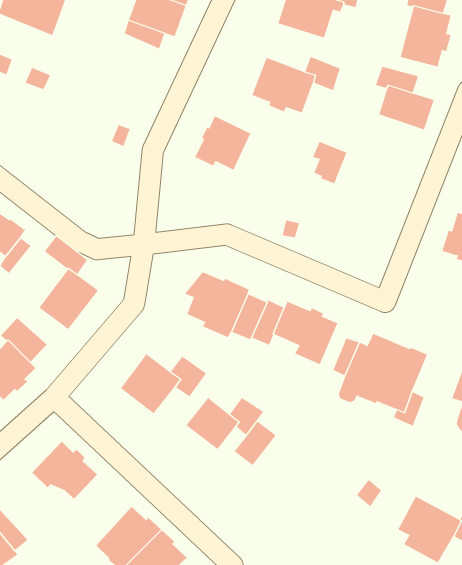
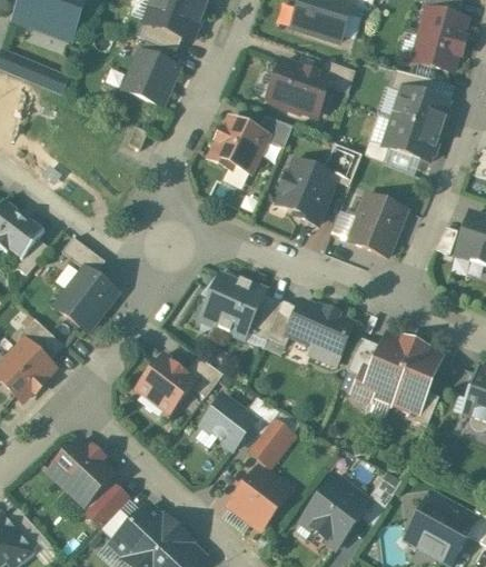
building: none -> [122,51,177,105]
building: none -> [256,115,291,148]
building: none -> [381,117,437,161]
building: none -> [280,161,335,223]
building: none -> [348,195,404,257]
building: none -> [234,468,284,528]
building: none -> [300,476,369,547]
building: none -> [85,480,128,528]

